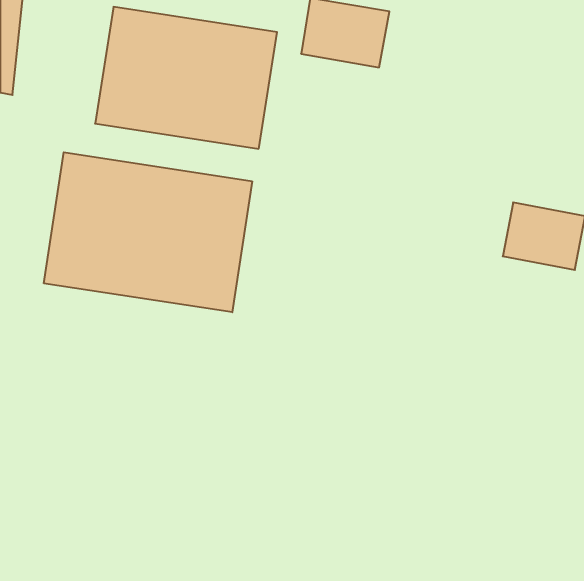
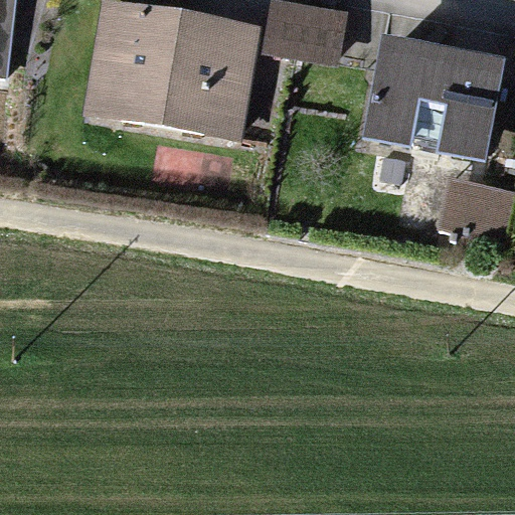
building: none -> [367,48,489,152]
building: [44,152,252,312] -> none

